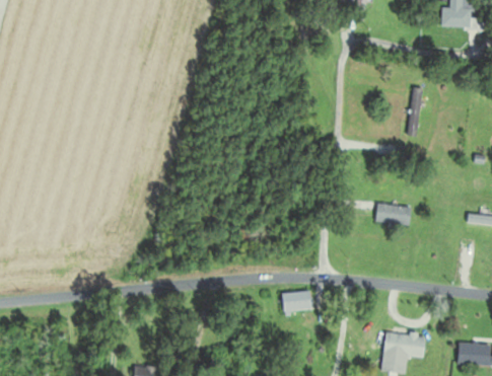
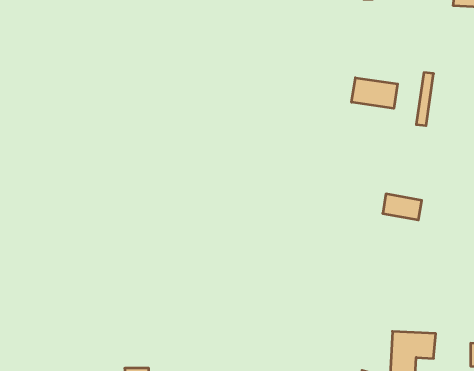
building: none -> [352,78,398,108]
building: [281,290,311,311] -> none

